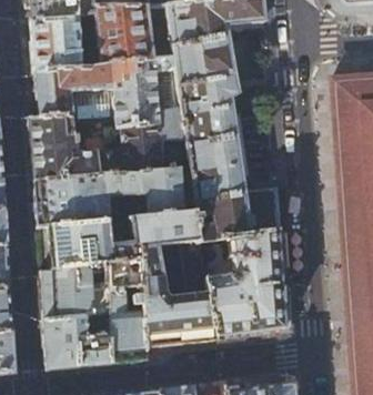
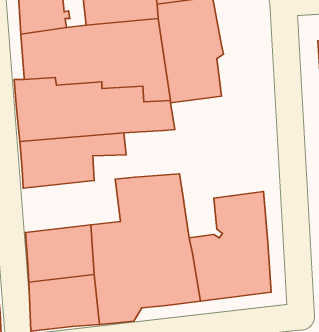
building: [187,134,280,241] -> none
building: [140,169,182,215] -> none
building: [39,217,137,271] -> none

